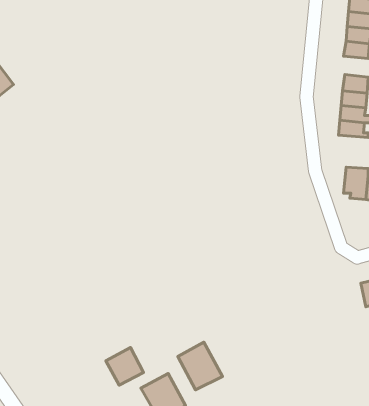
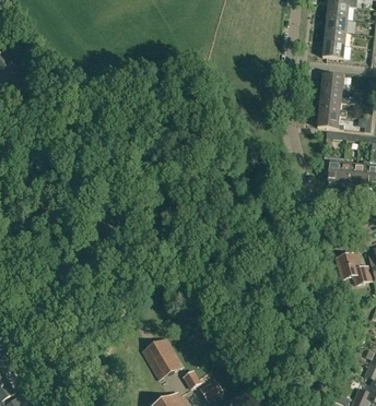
building: [178,342,222,390] -> none
building: [106,347,143,385] -> none

